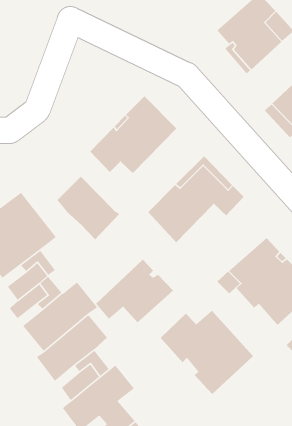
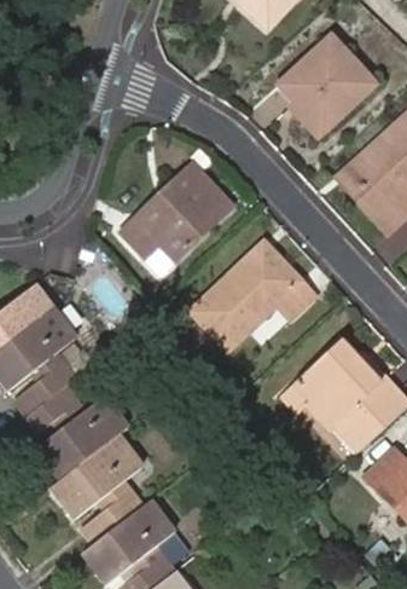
building: [56,176,120,240] -> none
building: [95,259,174,323] -> none
building: [160,310,254,395] -> none

